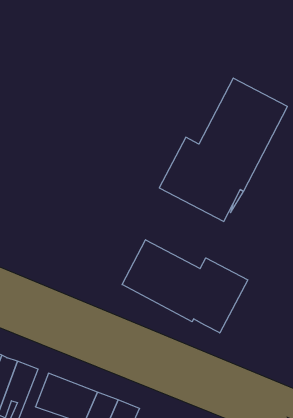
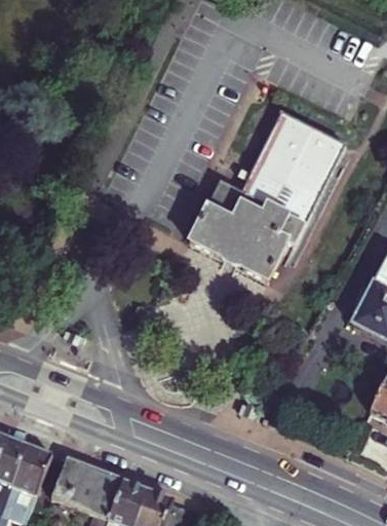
building: [122,240,248,333] -> none

